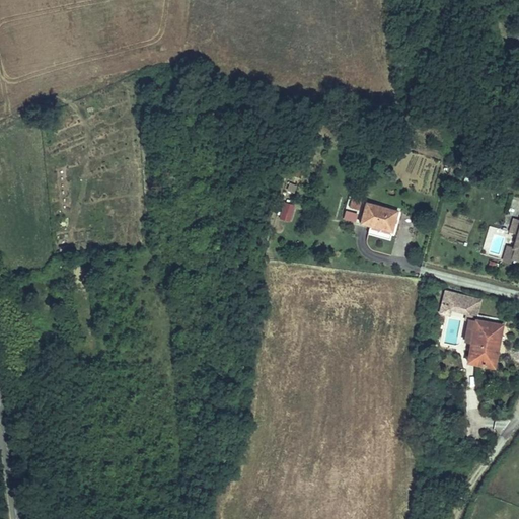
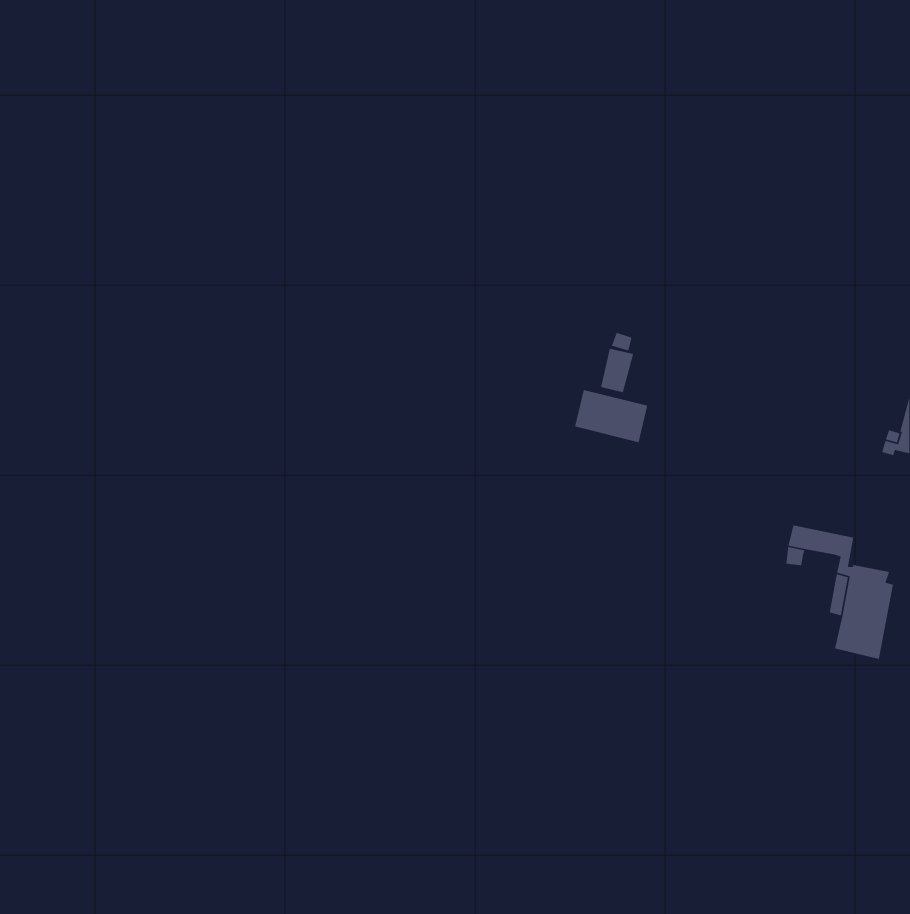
building: [356,195,397,225] -> [574,389,648,443]

